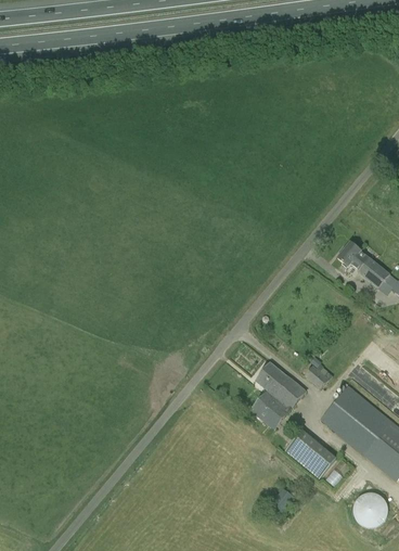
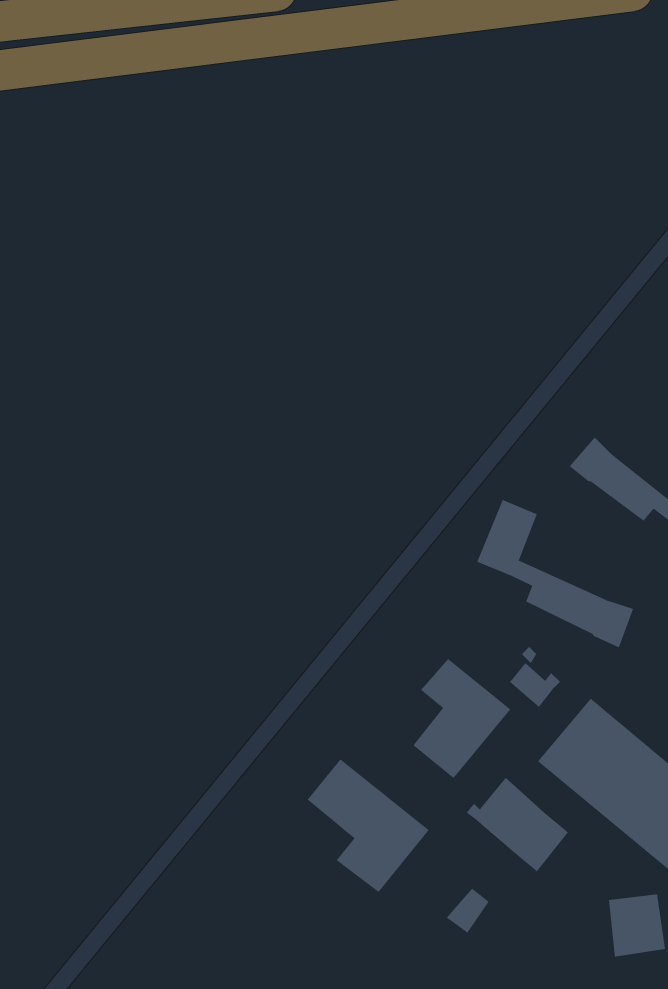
building: none -> [477,499,634,648]
building: none -> [307,758,430,893]

